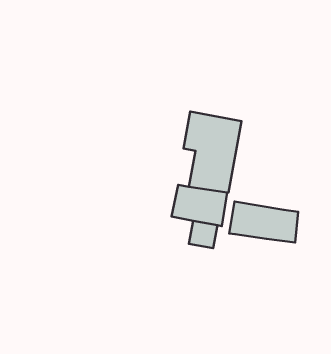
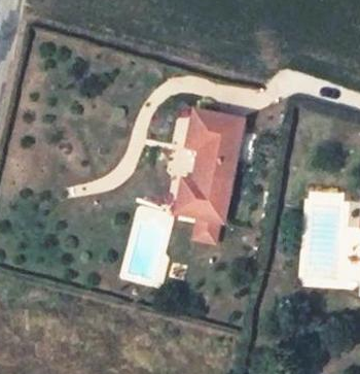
building: [229,201,298,243] -> none

